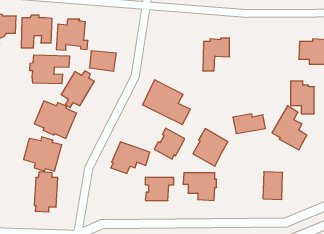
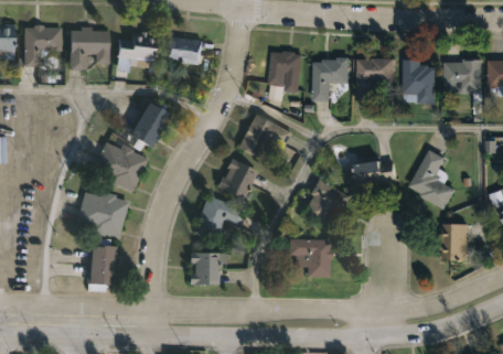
building: none -> [269,51,304,92]
building: none -> [358,57,396,99]
building: [89,51,116,71] -> [169,35,205,63]
building: [30,55,69,84] -> none
building: [291,81,314,114] -> [405,58,437,103]
building: [154,128,184,159] -> [217,157,258,199]
building: [263,172,283,200] -> [441,223,468,260]
building: [145,178,174,200] -> [185,253,224,283]

